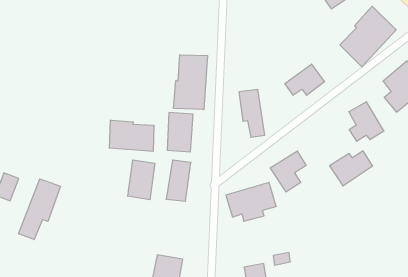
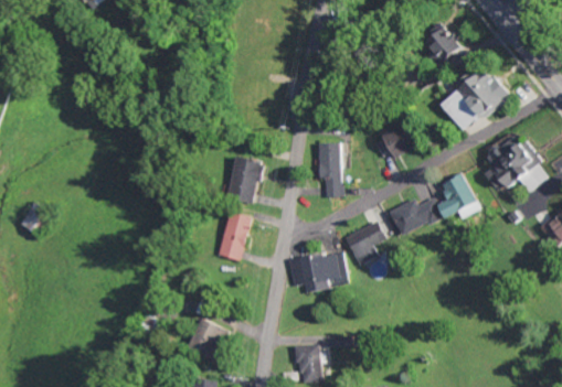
building: [174,55,208,110] -> none
building: [109,120,154,151] -> none
building: [330,151,373,186] -> [389,198,438,236]
building: [128,160,155,200] -> none
building: [19,179,60,240] -> none

